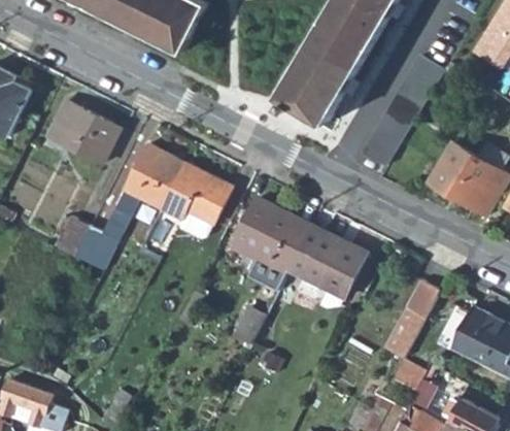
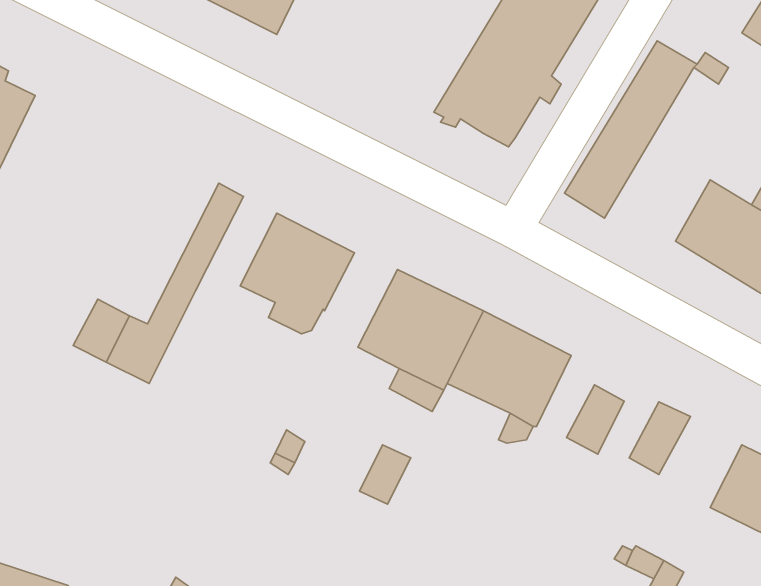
building: [46,101,120,163] -> none
building: [138,153,181,208] -> none
building: [383,316,419,359] -> [566,385,624,454]

